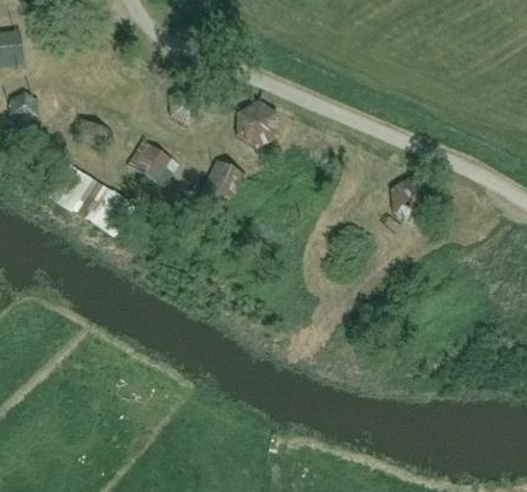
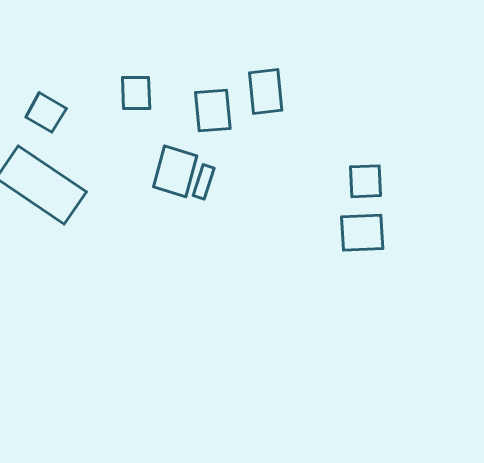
building: none -> [250,69,282,113]
building: [126,138,177,188] -> none
building: none -> [342,215,383,250]

